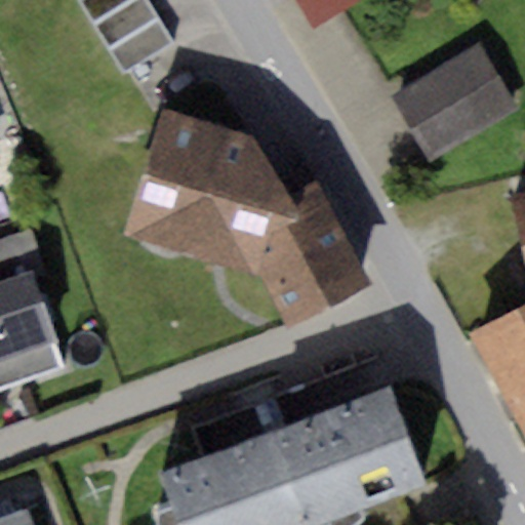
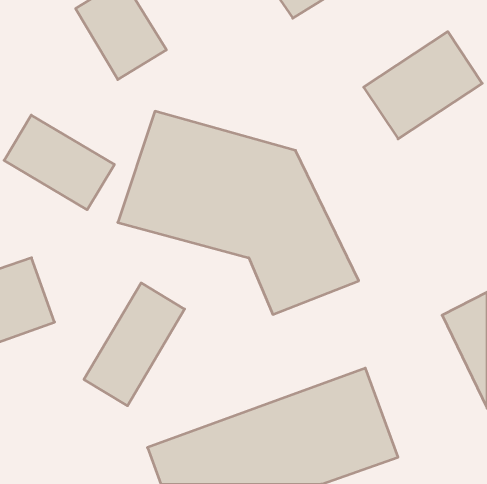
building: none -> [4,115,114,210]
building: none -> [84,283,185,406]

